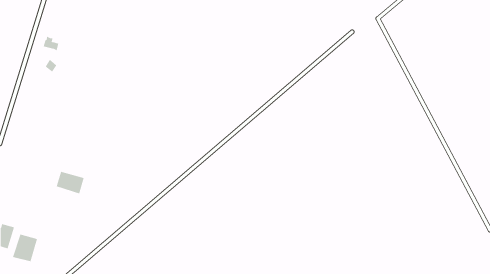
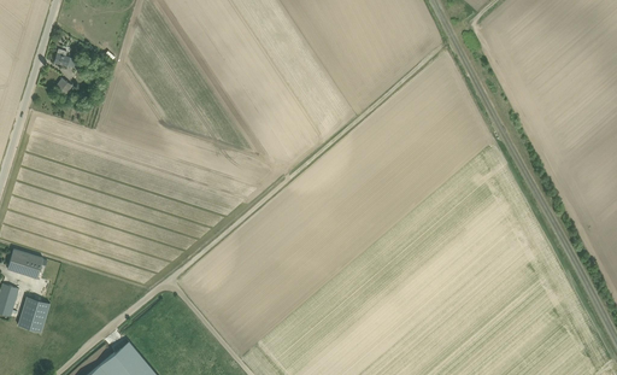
building: [56,171,85,194] -> [7,248,43,277]

